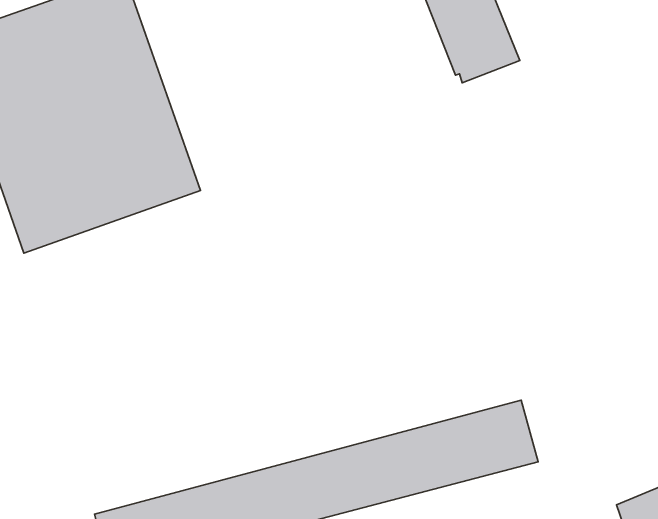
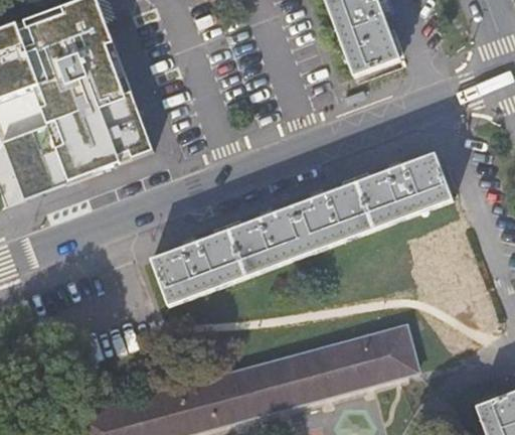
building: none -> [152,153,459,304]

